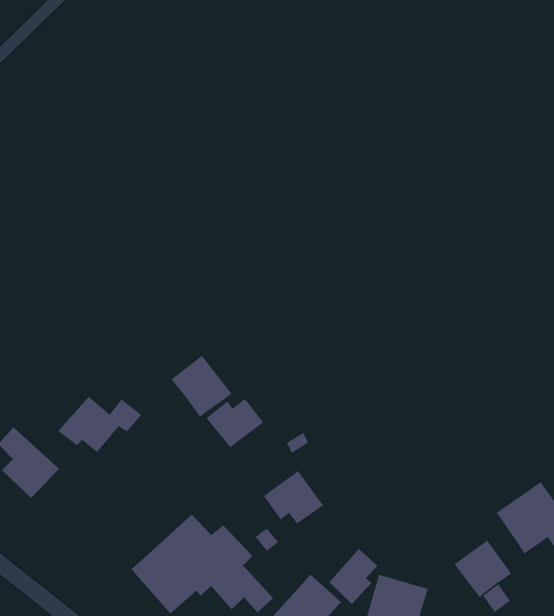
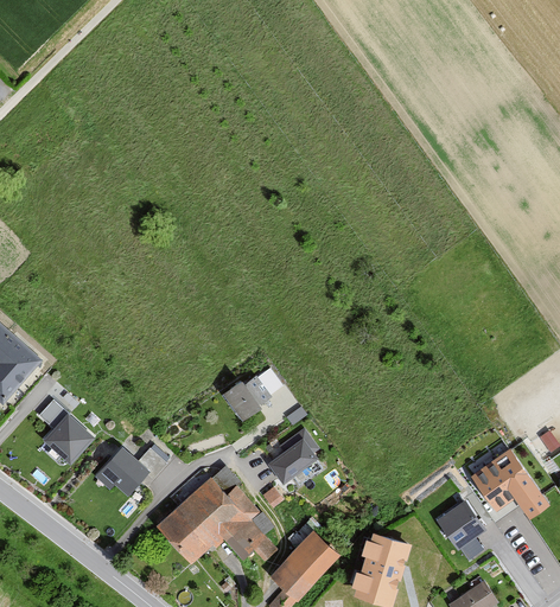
building: [171,355,232,418] -> none
building: [58,396,142,453] -> [93,447,166,497]
building: [328,548,378,605] -> none

